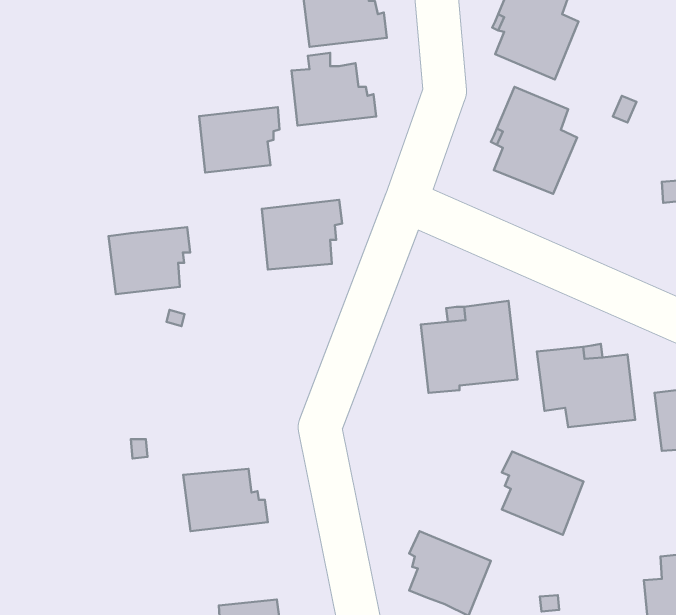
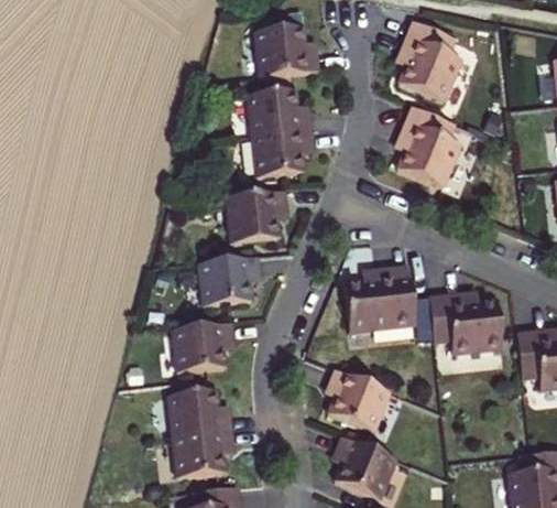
building: [199,107,279,173] -> [252,128,312,176]
building: [108,227,190,294] -> [197,256,258,305]
building: none -> [172,322,232,371]
building: [502,452,584,535] -> [328,369,389,431]
building: none -> [173,429,232,476]

